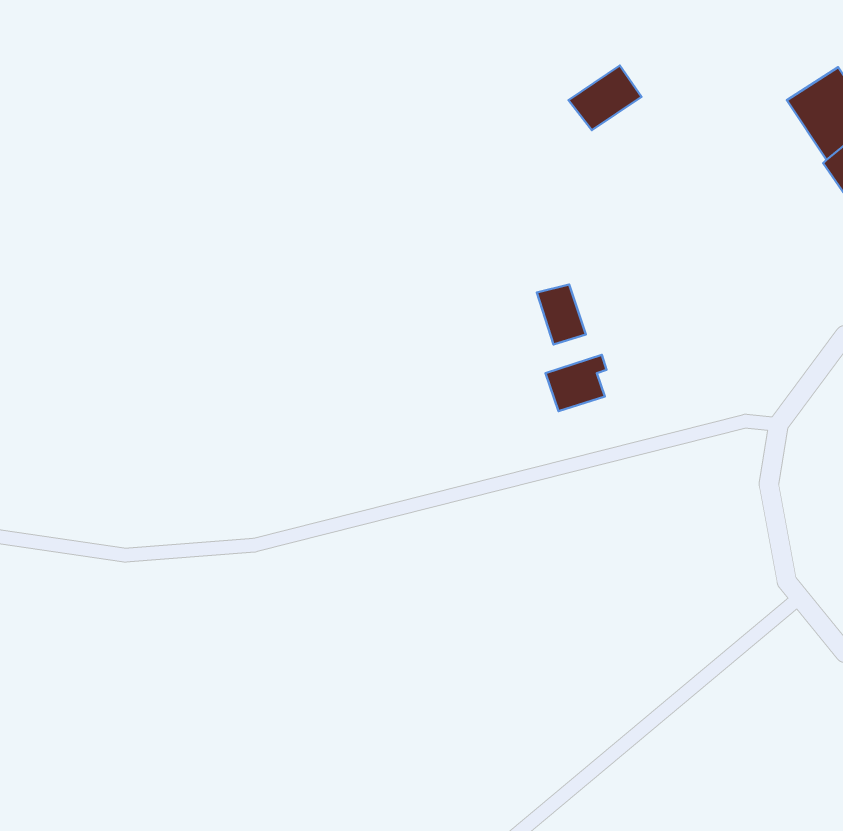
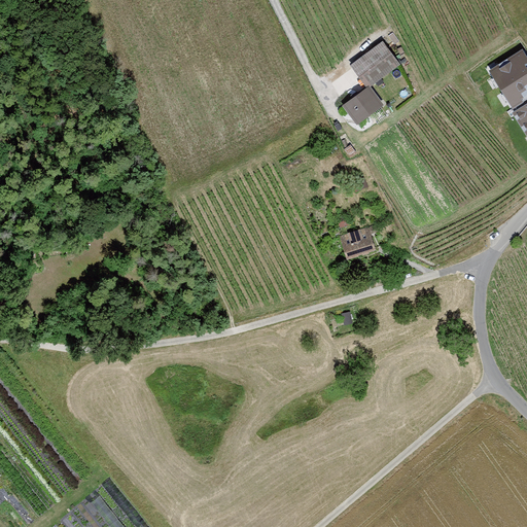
building: none -> [345,86,383,122]
building: [537,284,586,345] -> none

